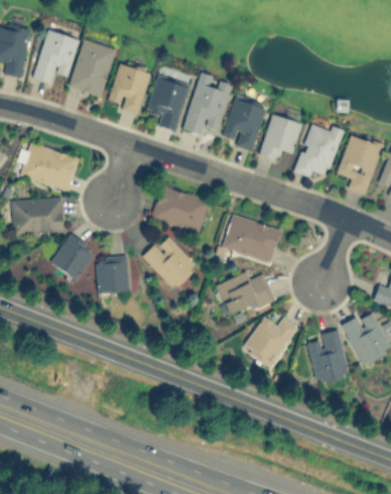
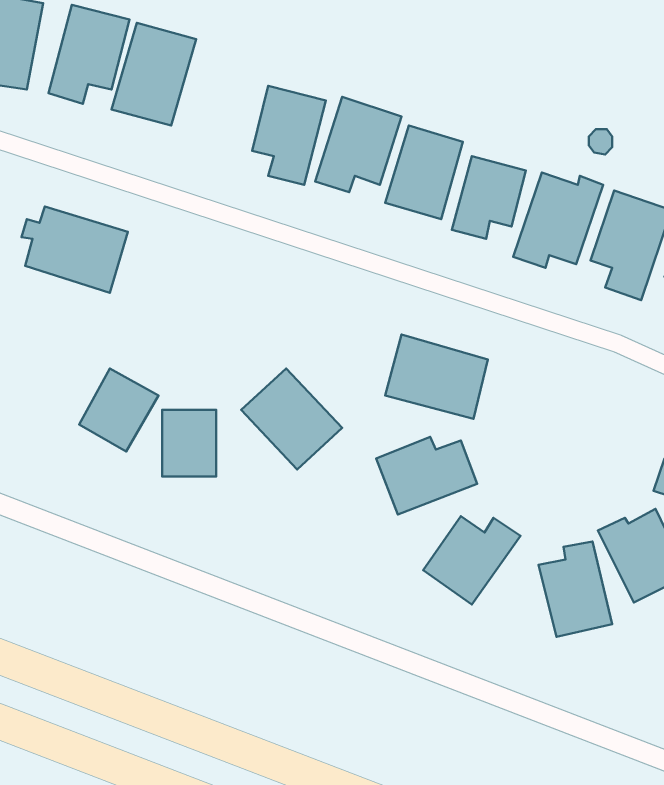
building: [108,64,150,114] -> none
building: [152,186,210,234] -> none
building: [12,199,64,235] -> none

